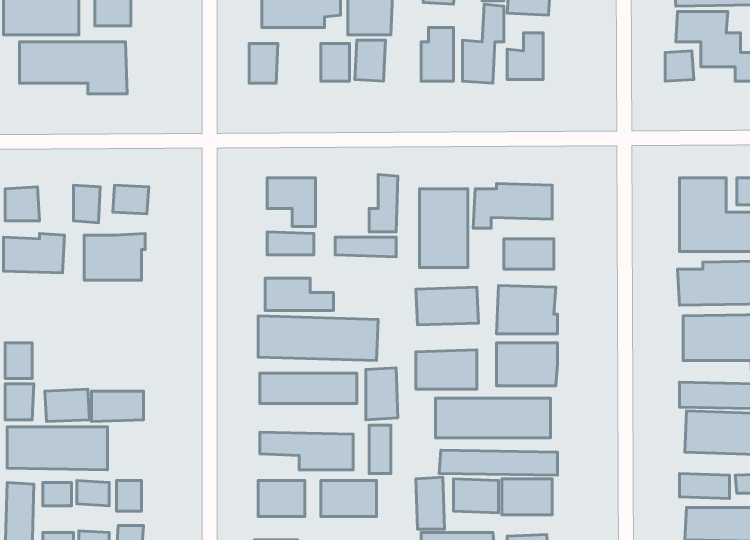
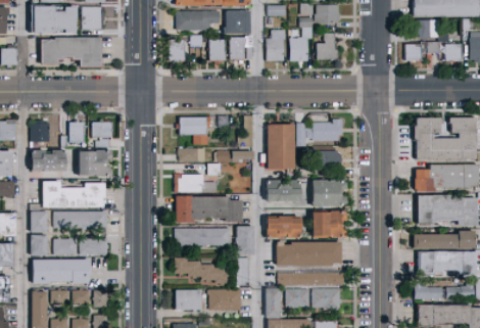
building: none -> [42,180,104,206]
building: none -> [54,210,108,228]

